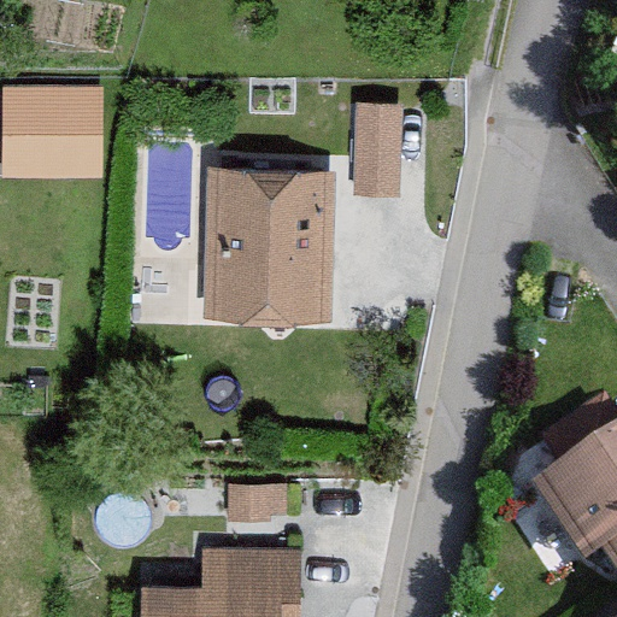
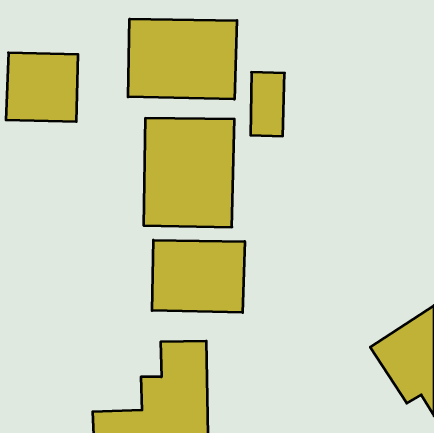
building: none -> [128,19,237,99]
building: none -> [152,240,245,313]

